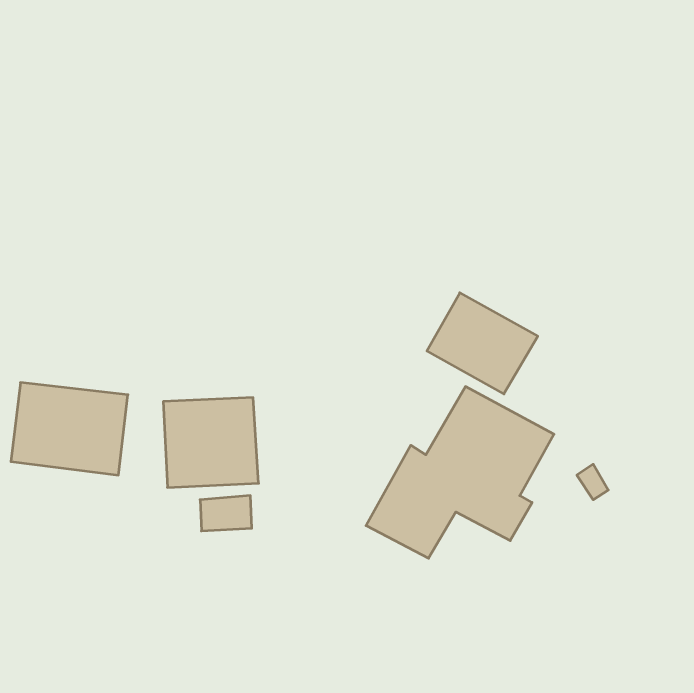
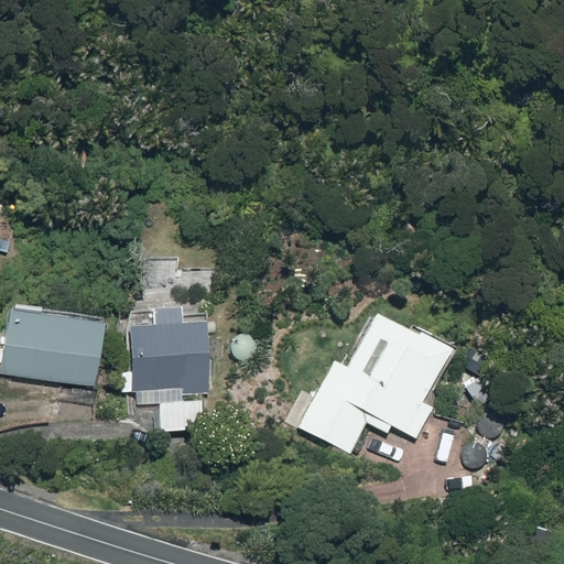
building: [427,293,538,394] -> none

